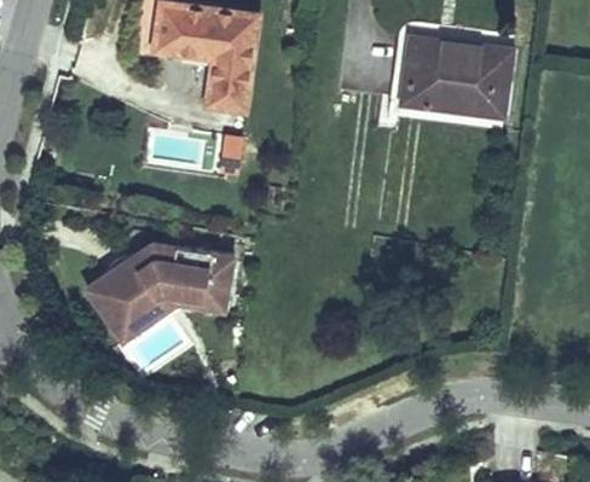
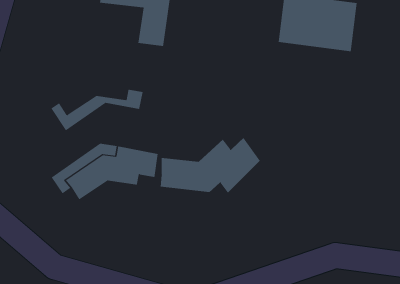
building: none -> [160,137,261,193]
building: [102,286,230,344] -> [51,89,143,131]

